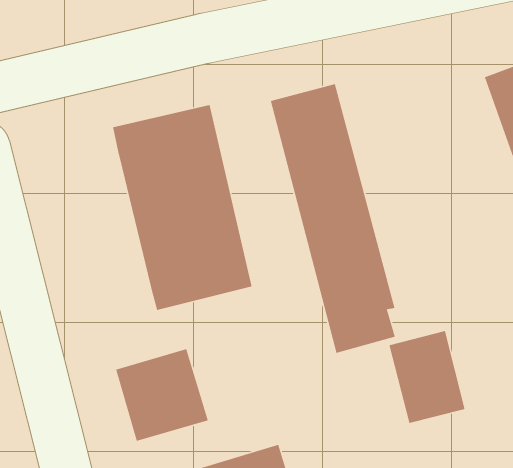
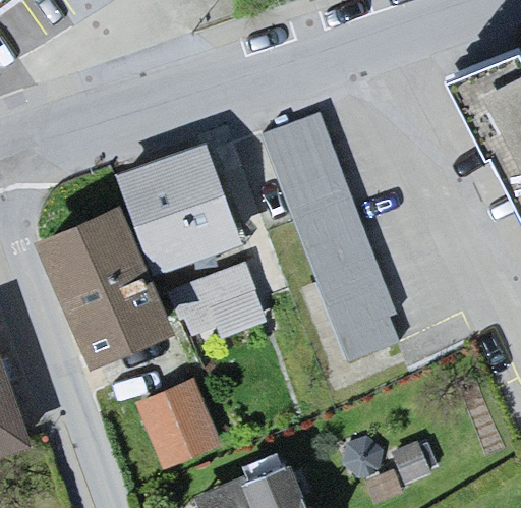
building: none -> [39,197,170,365]
building: [389,330,465,424] -> none

